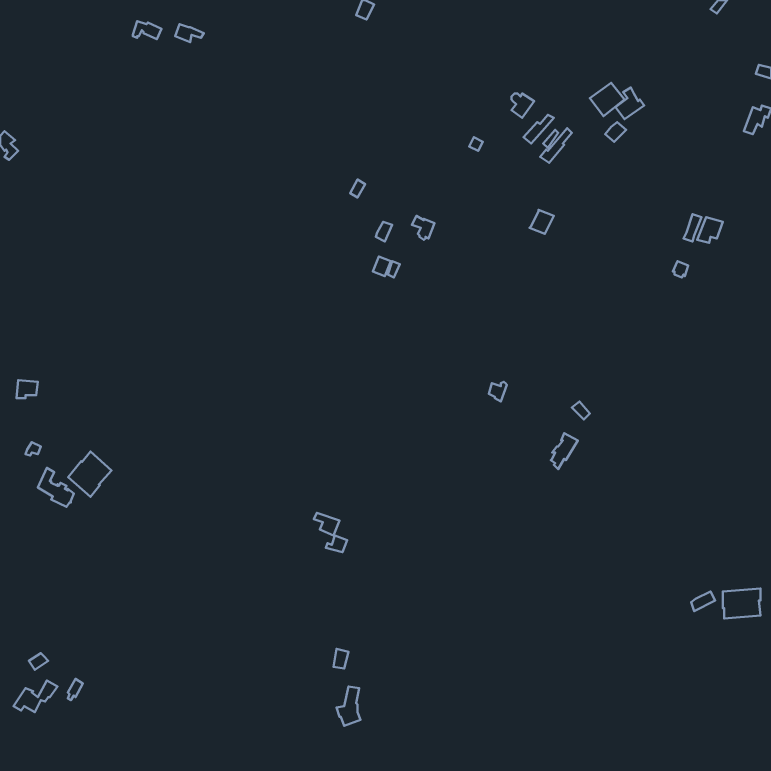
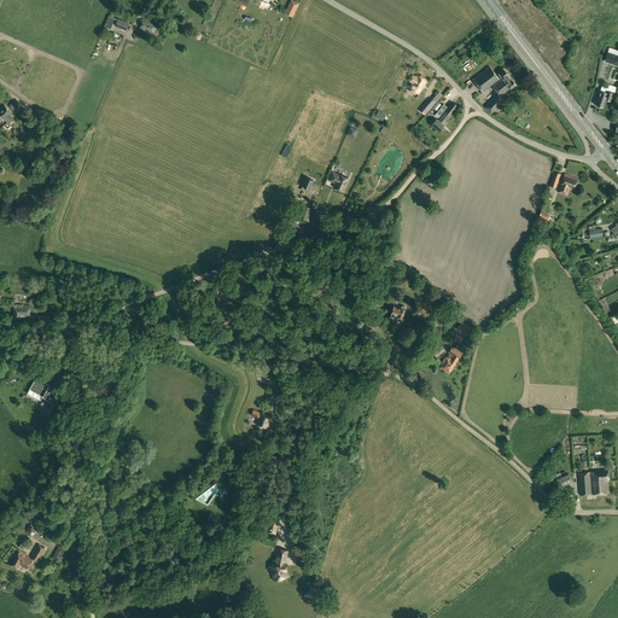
building: [68,452,112,497] -> none

